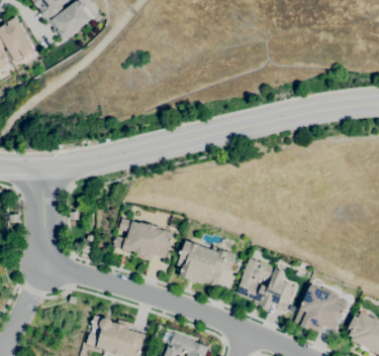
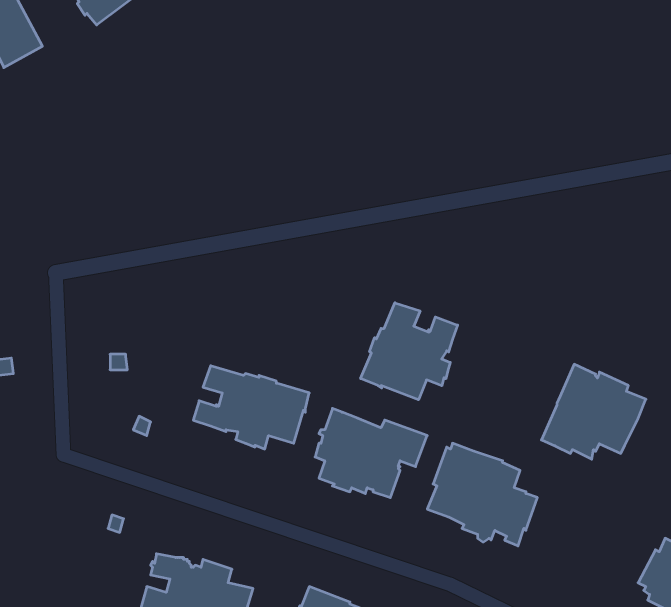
building: none -> [361,303,458,400]
building: [294,283,349,333] -> [541,364,646,459]

